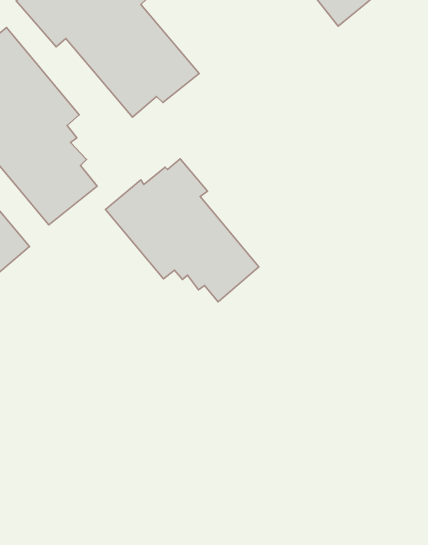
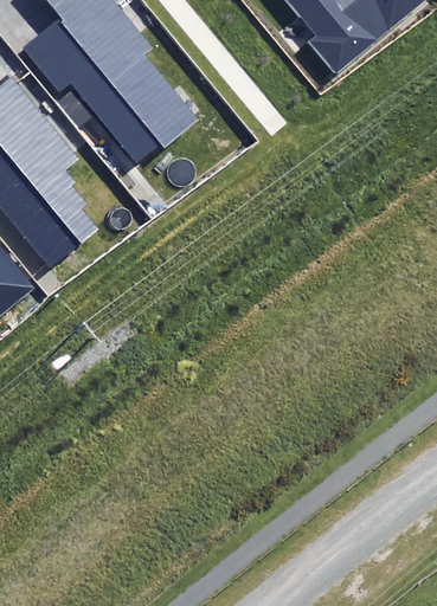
building: [106,159,259,302] -> none

